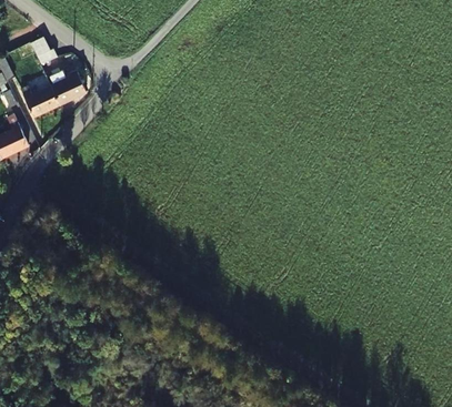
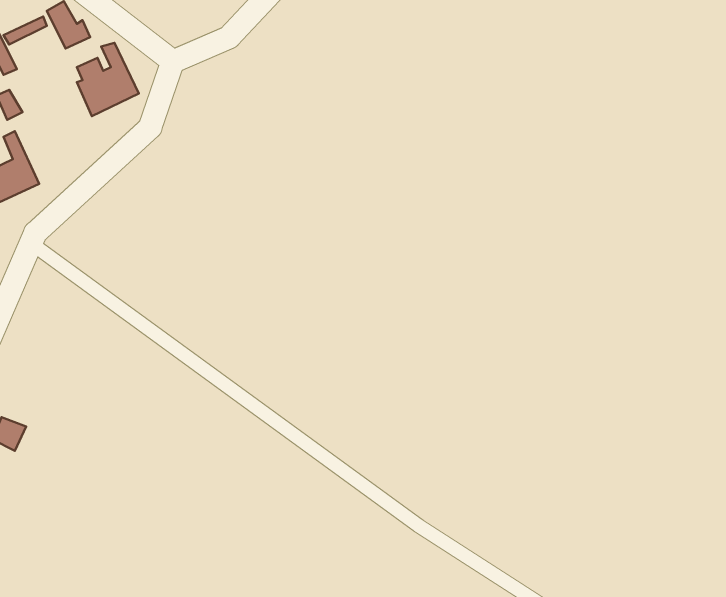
building: [20,85,59,118] -> none

